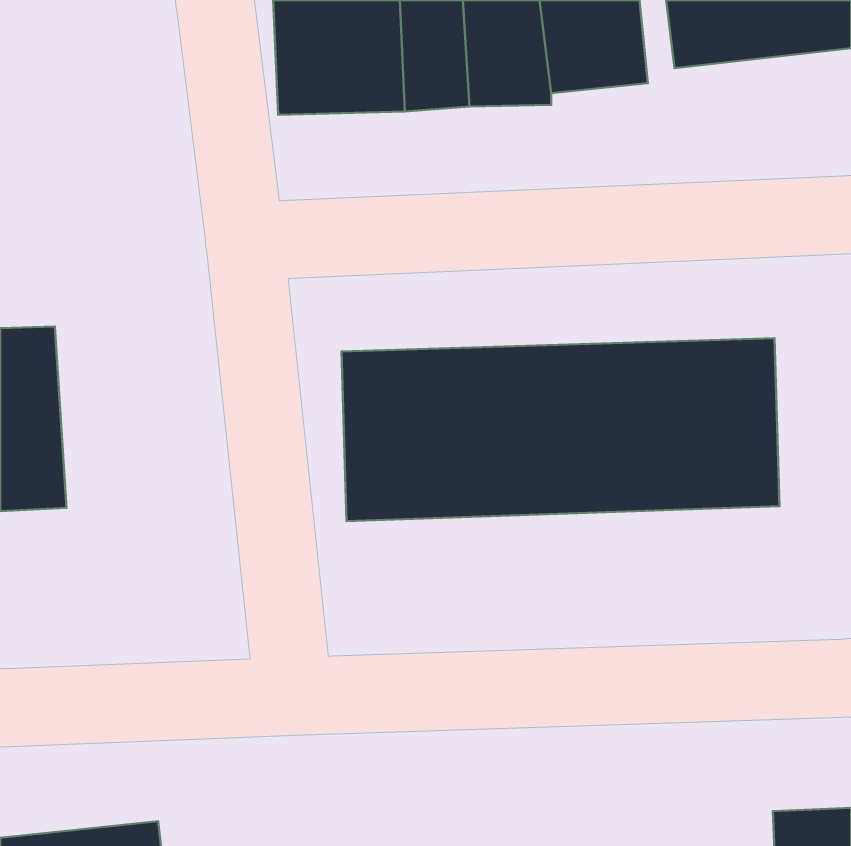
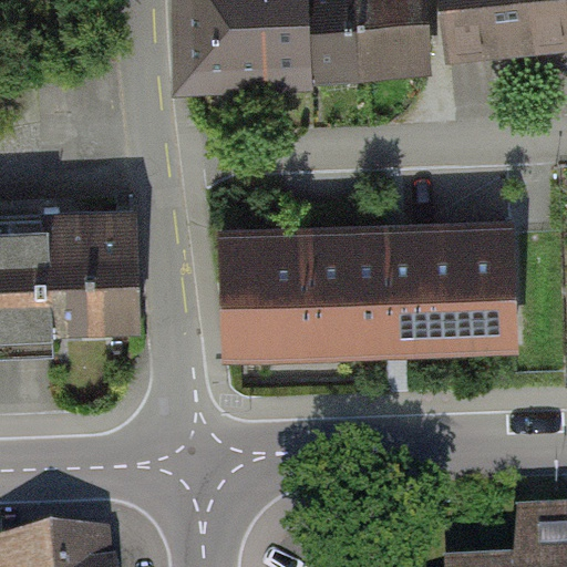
building: none -> [37,215,136,341]

